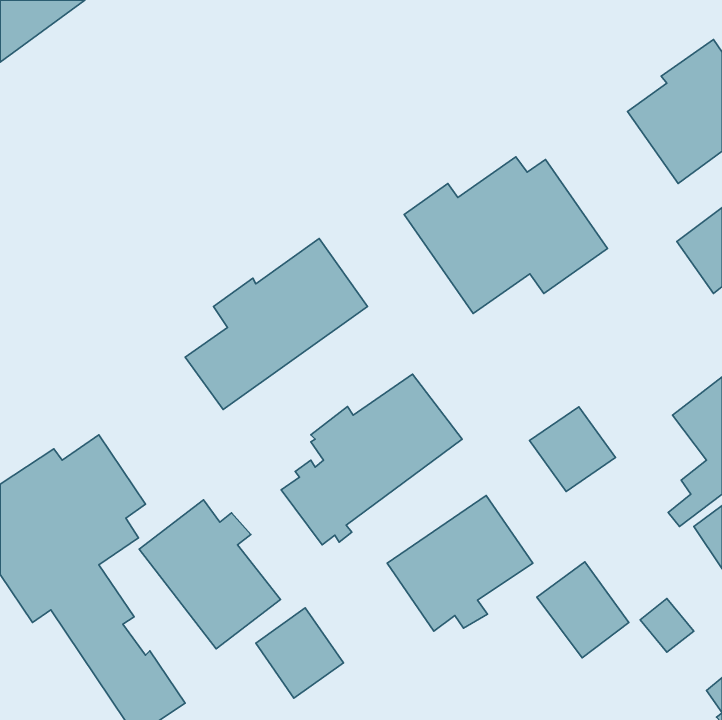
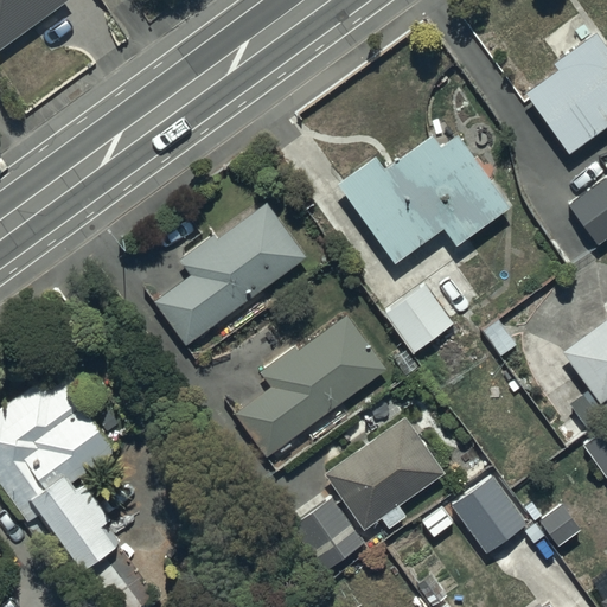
building: [529,407,616,491] -> [383,282,455,353]
building: [139,500,281,649] -> none
building: [256,608,343,698] -> [292,497,365,573]

